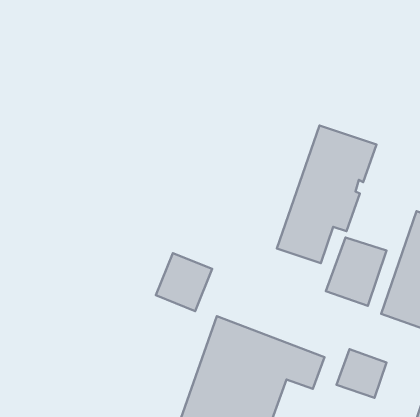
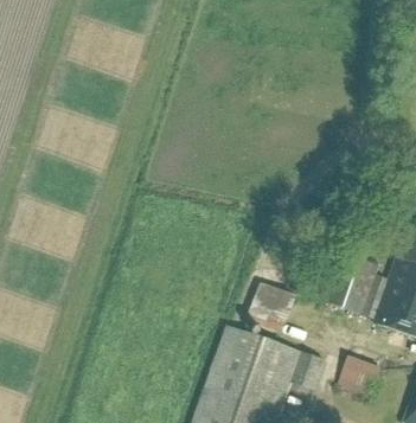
building: [277,125,376,263] -> none
building: [156,253,212,311] -> [243,281,294,333]

